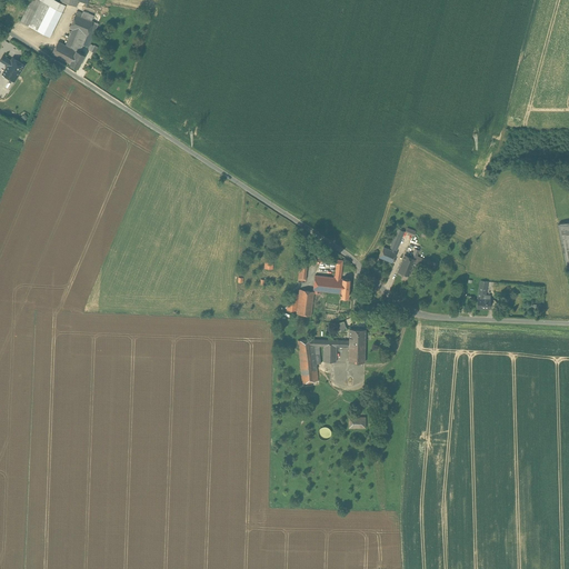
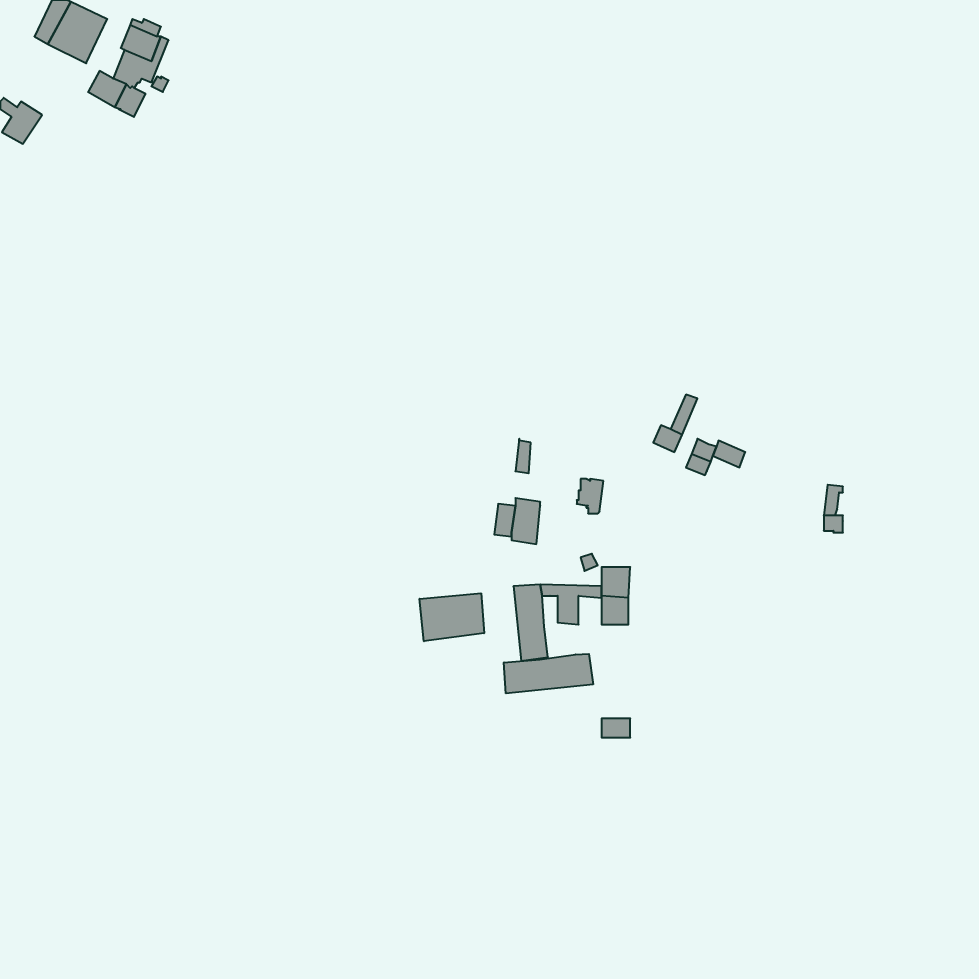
building: [313,258,342,292] -> none
building: none -> [420,593,484,641]
building: none -> [504,654,593,693]

